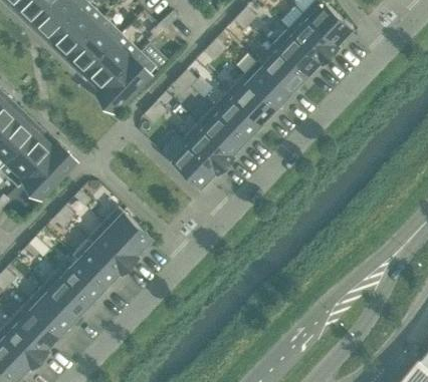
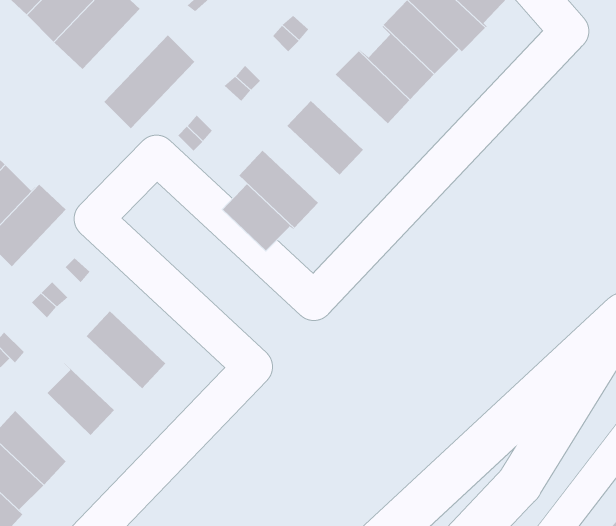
building: [85,36,139,94] -> none
building: [228,77,276,124] -> none
building: [198,109,246,157] -> none
building: [102,209,151,258] -> none
building: [72,241,123,287] -> none
building: [43,272,90,319] -> none

